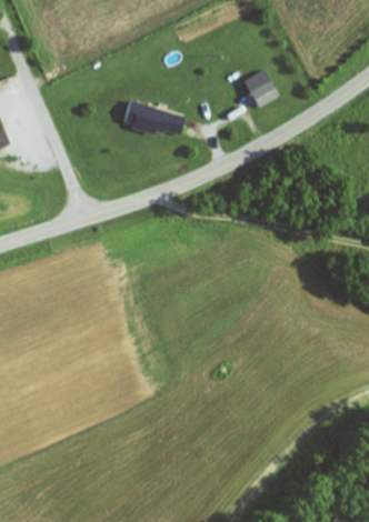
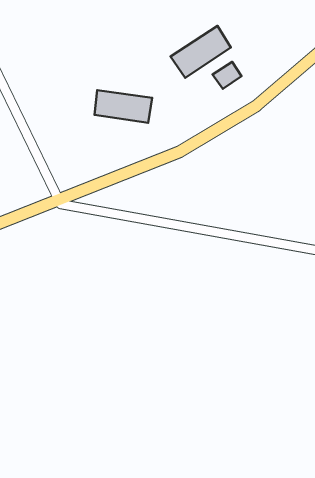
building: none -> [171,26,231,78]

